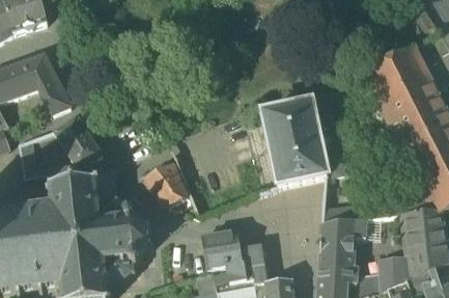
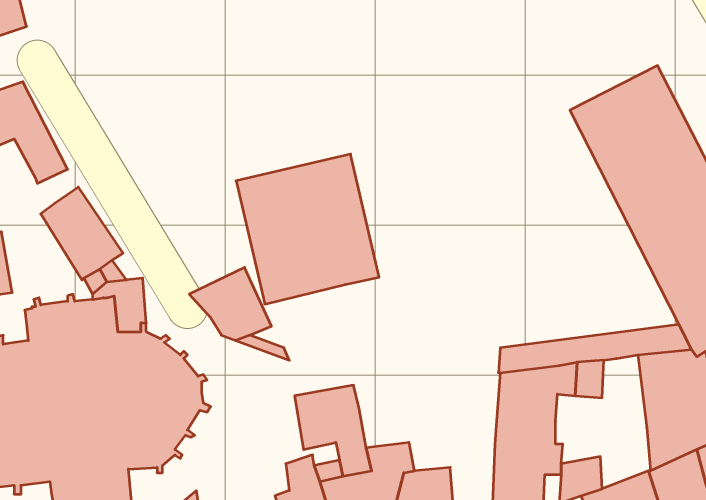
building: [260,100,343,187] -> [236,154,379,304]
building: [238,240,268,267] -> none
building: [377,255,408,291] -> none

